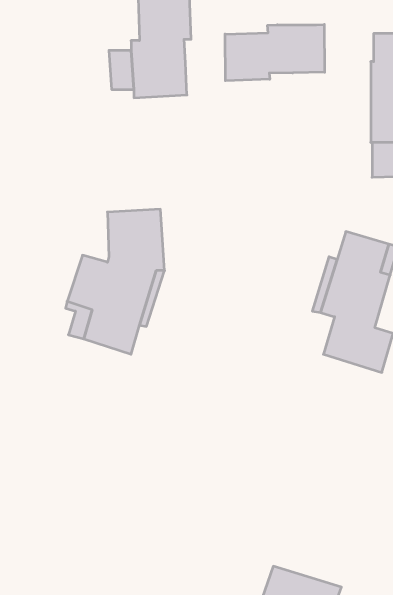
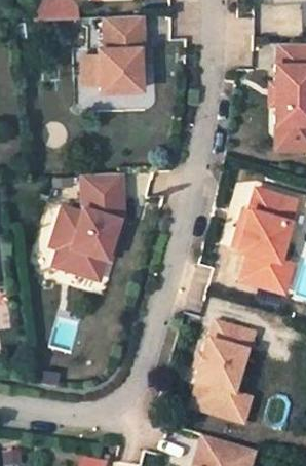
building: [225,24,325,81] -> none
building: none -> [191,323,255,424]

